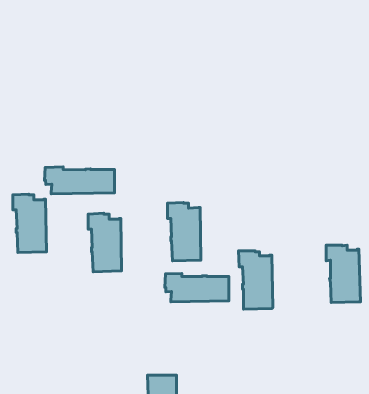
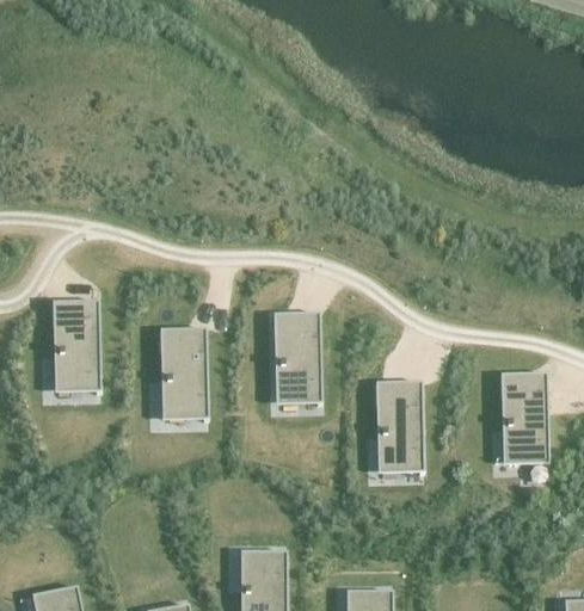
building: [45,167,114,194] -> none
building: [165,274,229,302] -> none

